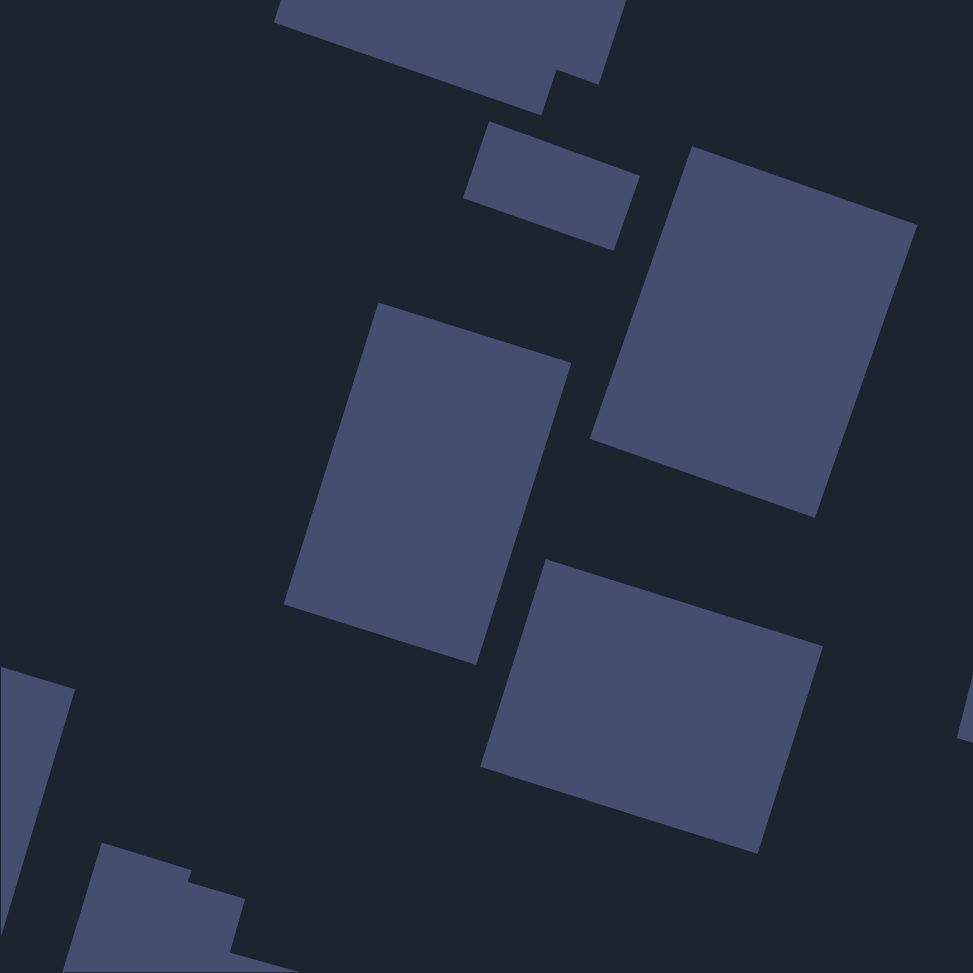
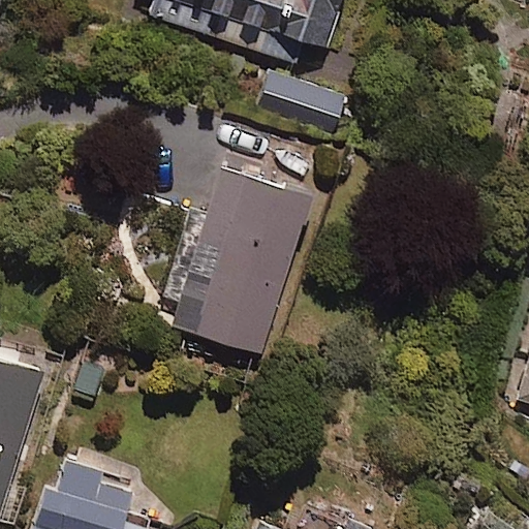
building: [589,145,918,519] -> none
building: [479,558,824,855] -> none

